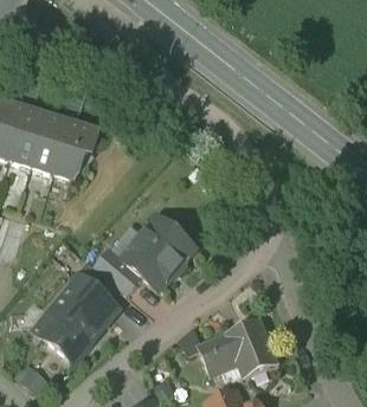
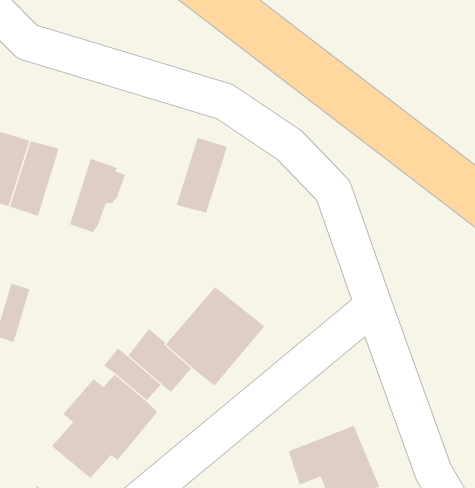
building: [30,116,67,172] -> [176,137,228,213]

